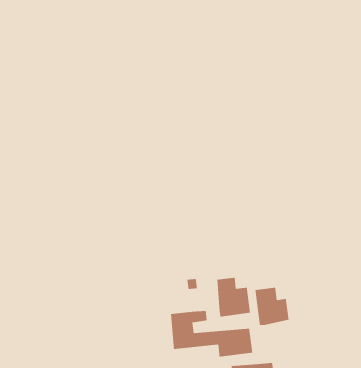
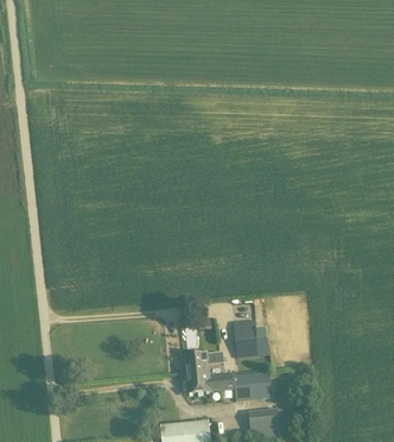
building: [255,287,289,326] -> none

